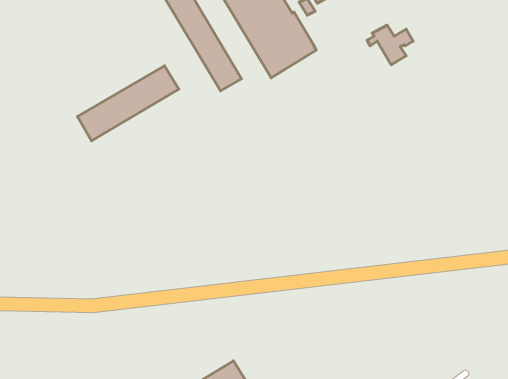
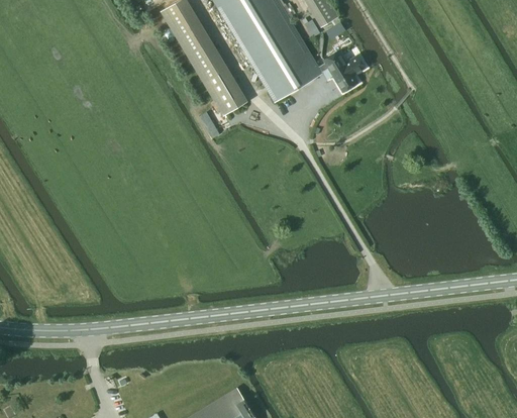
building: [367,25,413,65] -> [318,51,365,92]
building: [77,66,179,141] -> none

